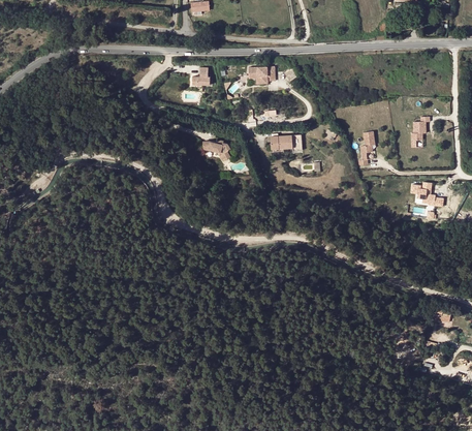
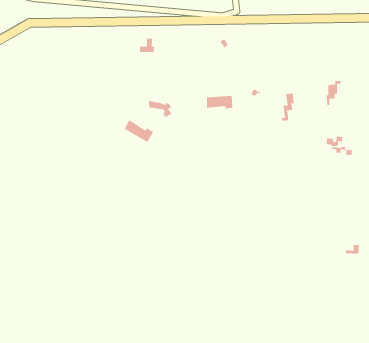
building: [247,66,275,84] -> none
building: none -> [124,119,154,143]

